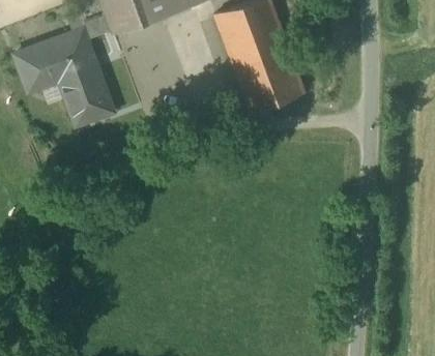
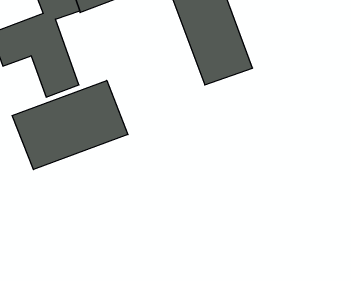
building: none -> [12,80,128,170]

